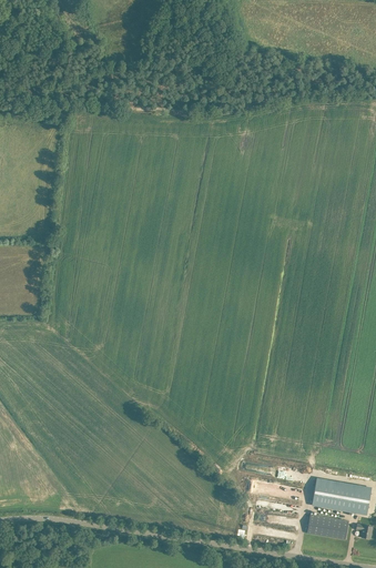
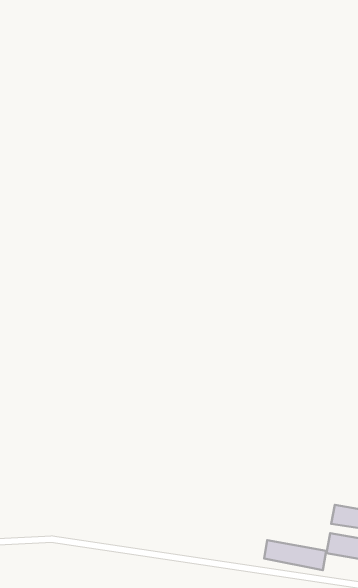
building: none -> [264,540,326,570]

